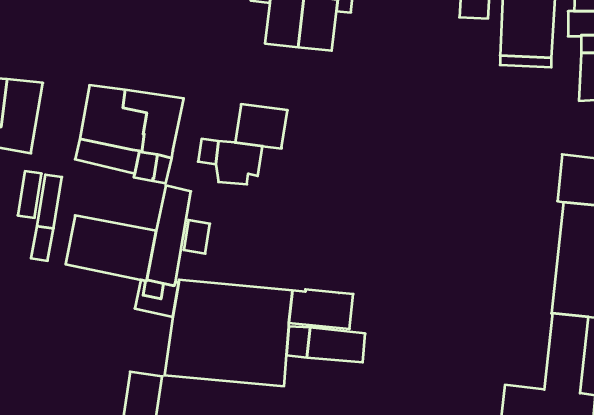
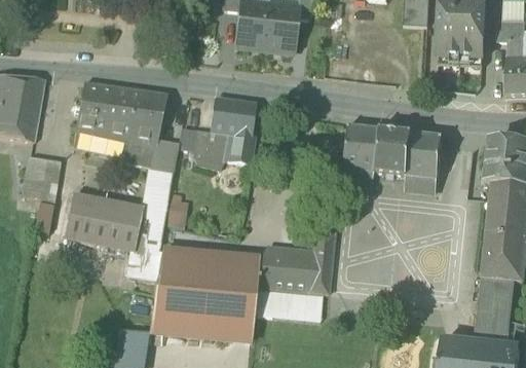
building: none -> [340,125,442,183]
building: none -> [229,134,253,162]
building: none -> [150,138,177,173]
building: none -> [308,230,334,293]

